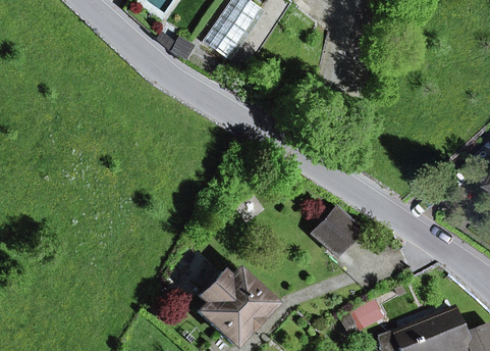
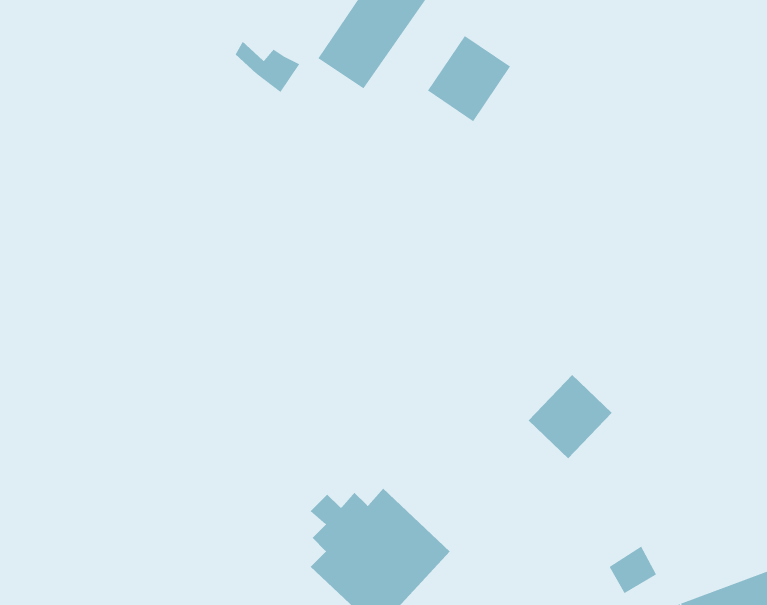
building: none -> [427,35,511,122]

